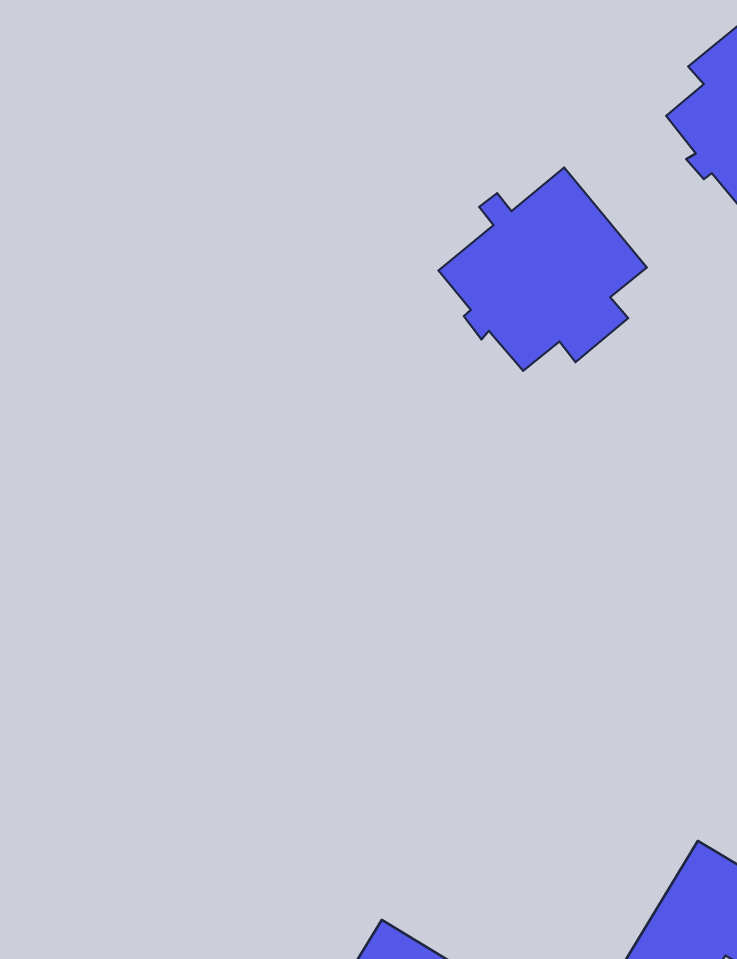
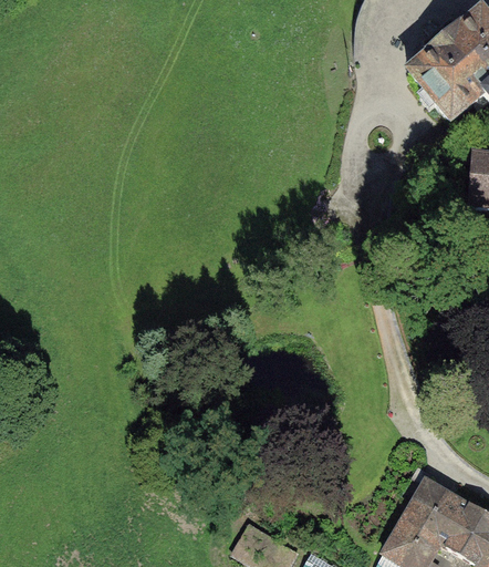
building: [438,167,647,371] -> none

